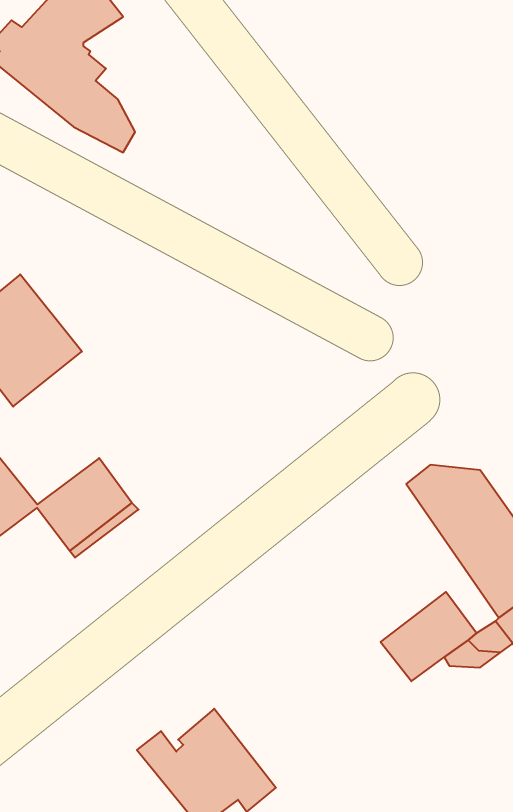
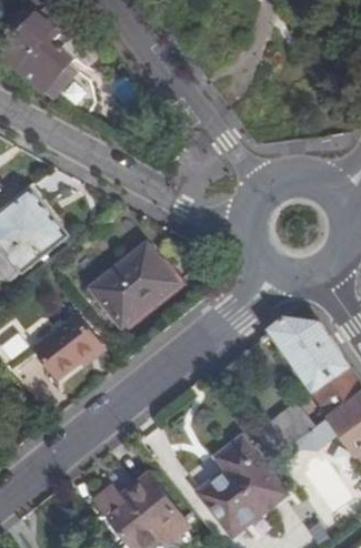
building: none -> [91,242,177,325]
building: none -> [200,438,284,531]

